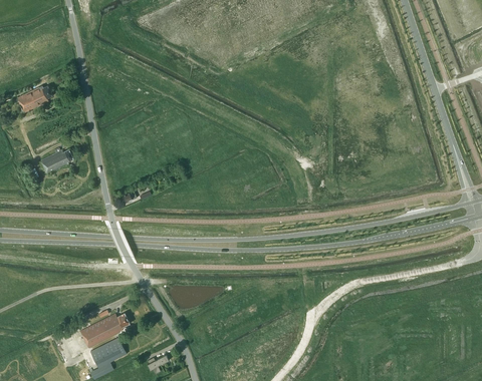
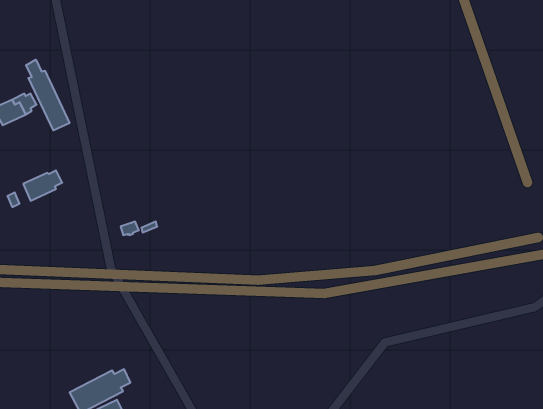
building: none -> [26,60,70,130]

